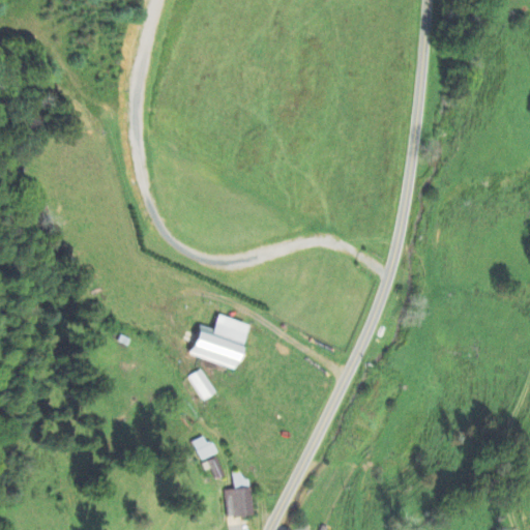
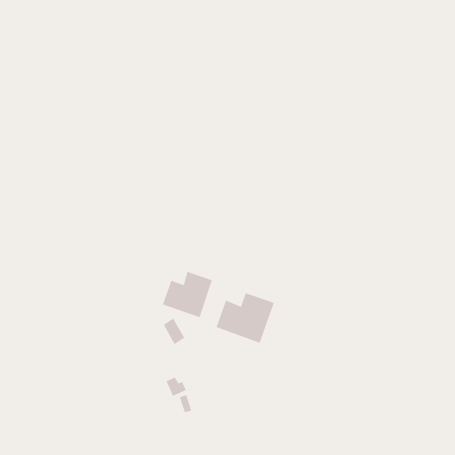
building: none -> [216,292,275,344]
building: [226,484,254,518] -> none

